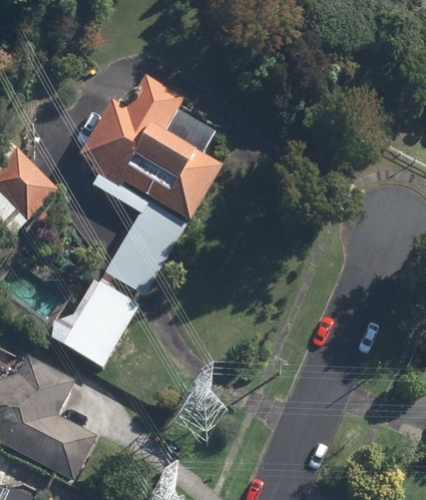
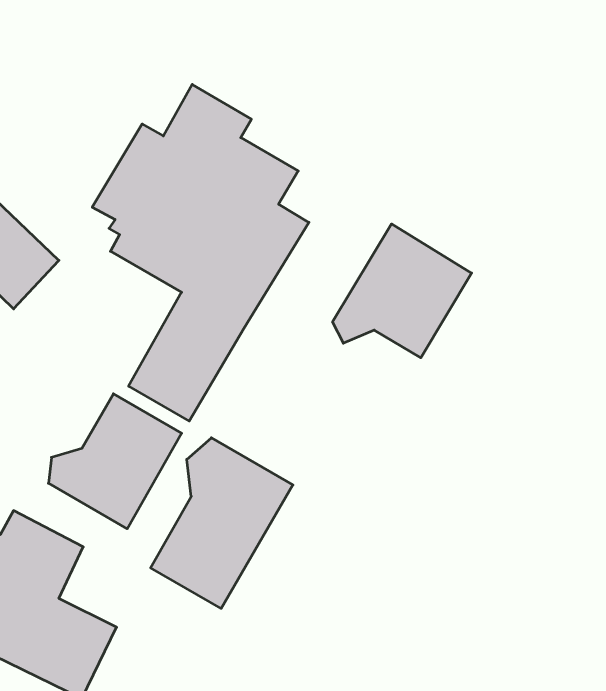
building: none -> [333,224,472,358]
building: none -> [151,438,293,608]

